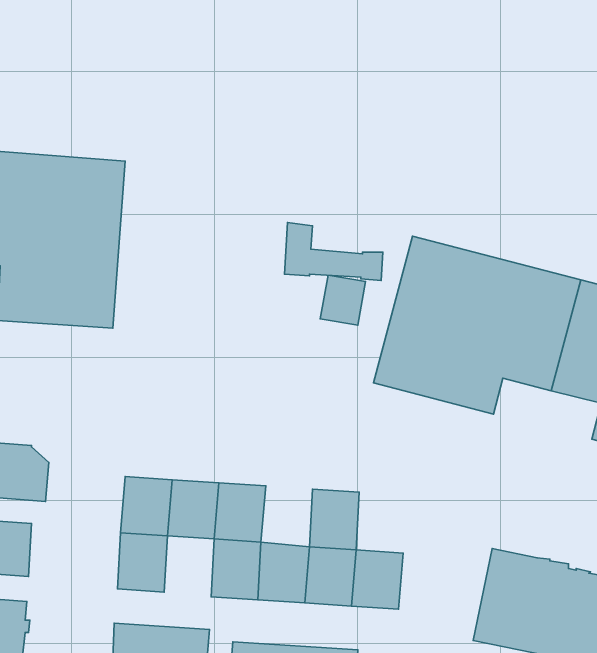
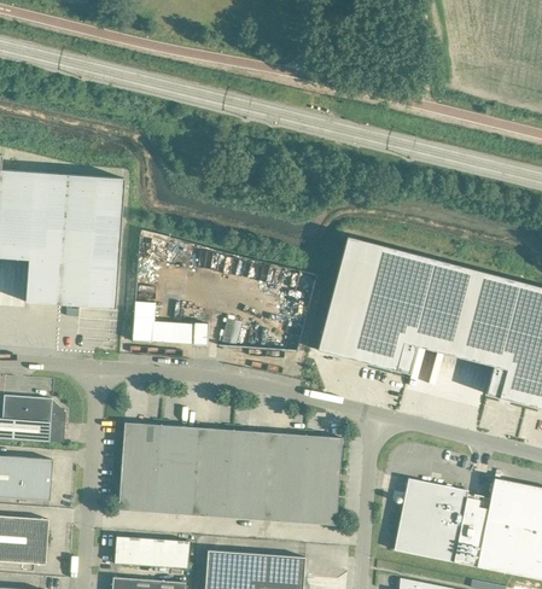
building: [284,223,383,280] -> [133,301,209,345]
building: none -> [229,430,269,477]
building: none -> [303,435,342,482]
building: none -> [155,468,193,515]

